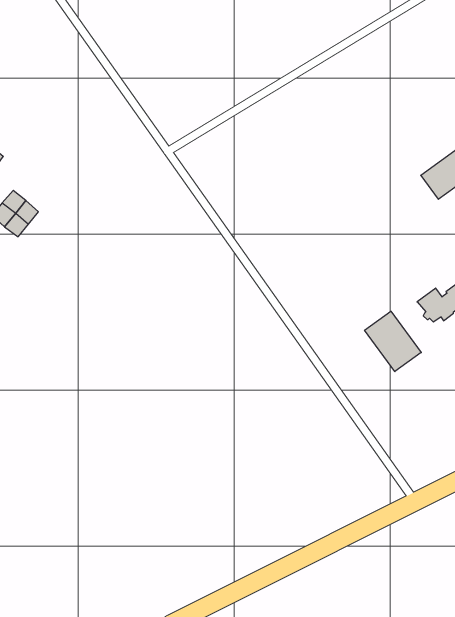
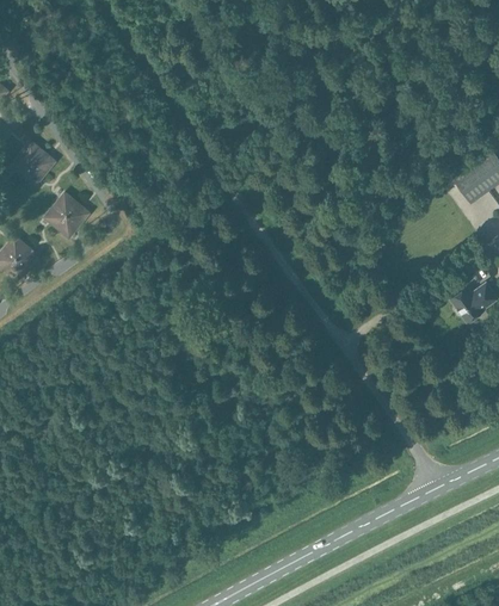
building: [365,311,421,372] -> none

